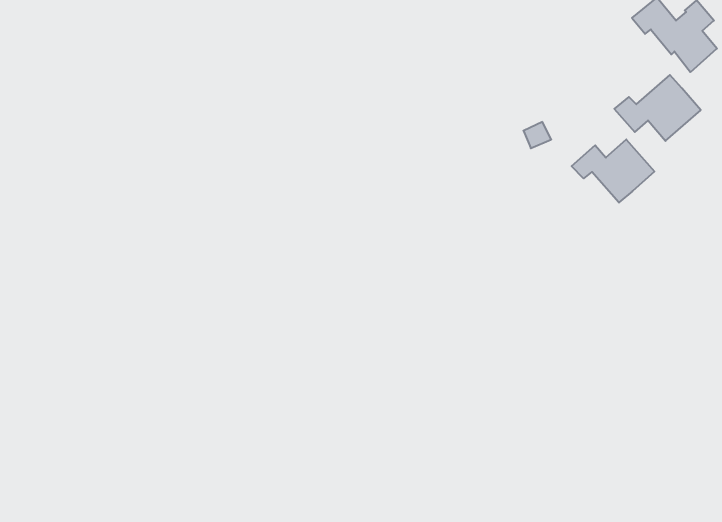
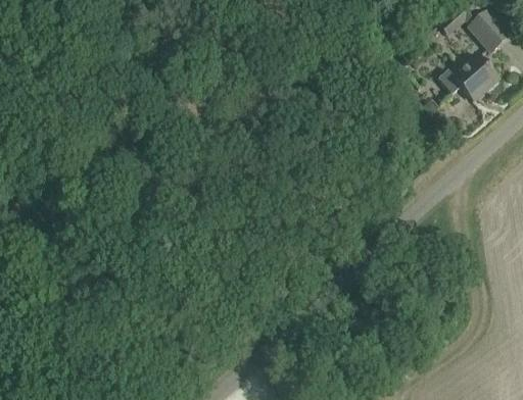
building: [572,139,654,203] -> none

